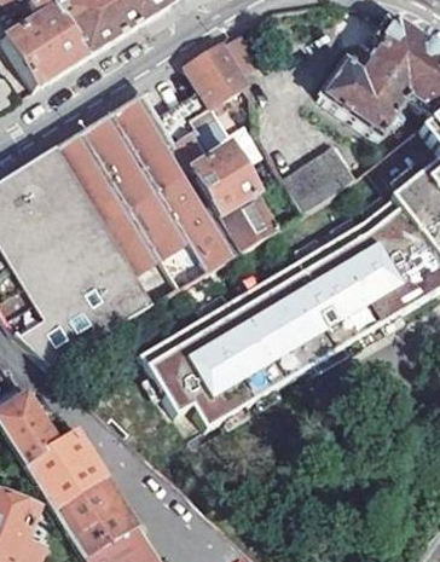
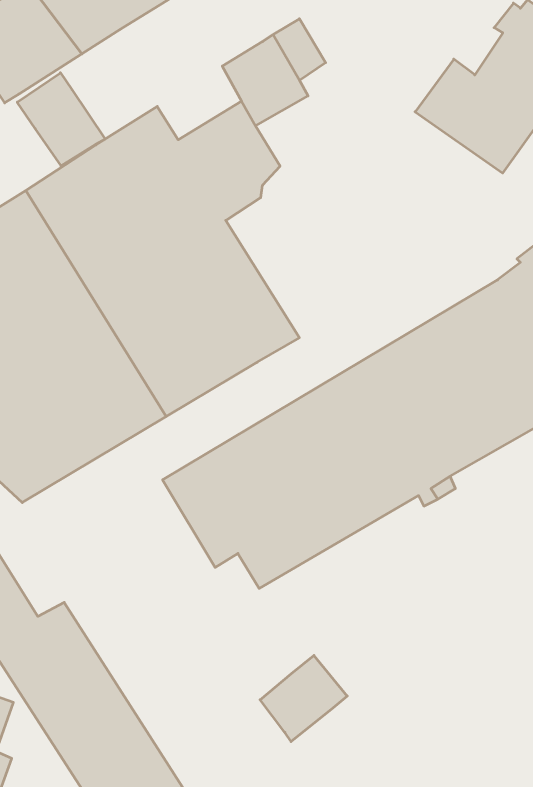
building: none -> [17,73,105,166]
building: [284,145,358,213] -> none
building: [190,146,279,251] -> none
building: none -> [260,655,347,742]

